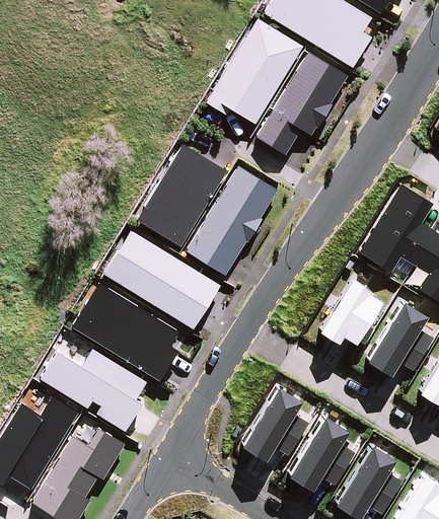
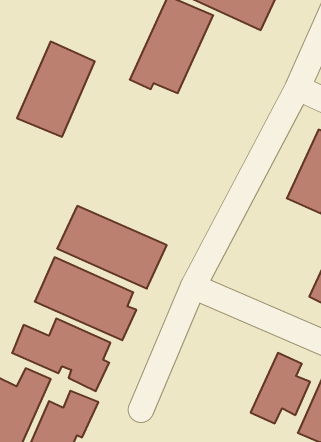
building: [257,53,348,155] -> none
building: [136,144,227,247] -> [17,42,95,137]
building: [187,166,278,275] -> none
building: [317,280,381,345] -> none
building: [240,387,308,461] -> none

